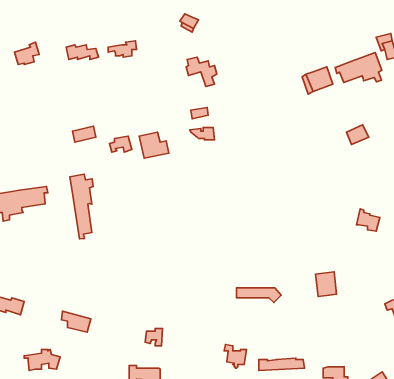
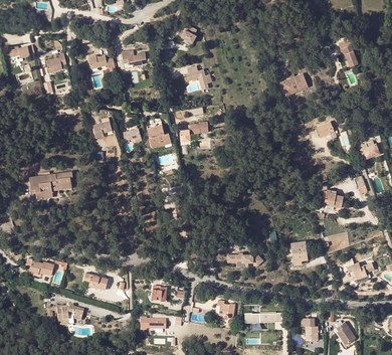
building: [335,53,382,82] -> none
building: [70,174,93,239] -> none

